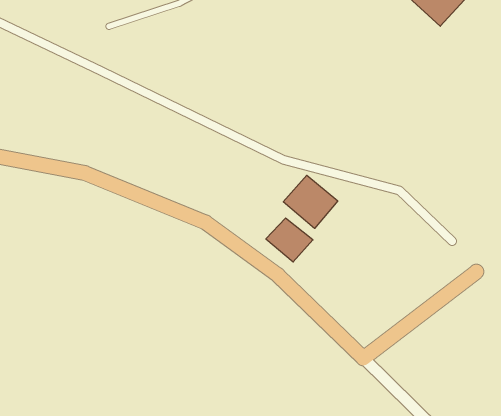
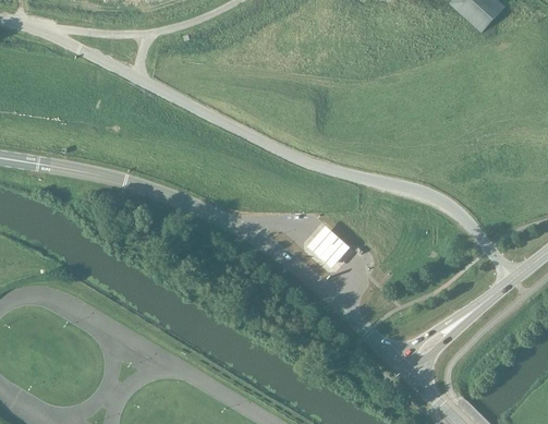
building: [283,175,338,228] -> none

